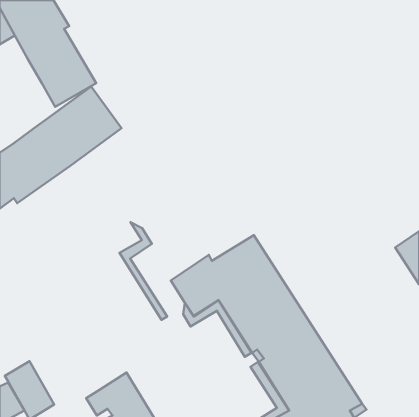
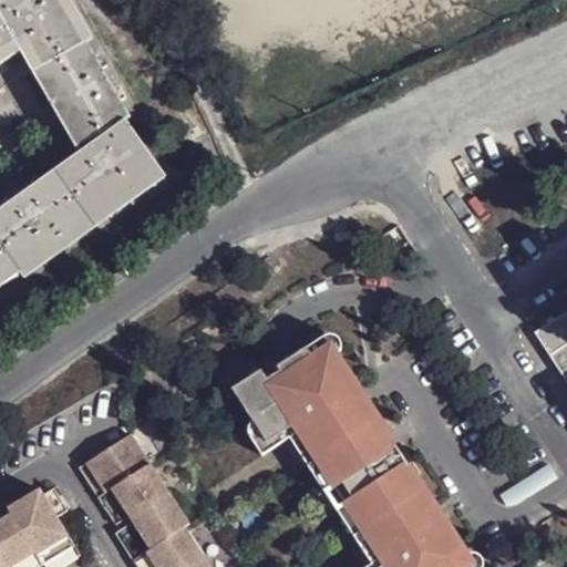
building: [120,222,167,320] -> none
building: none -> [83,445,171,529]

